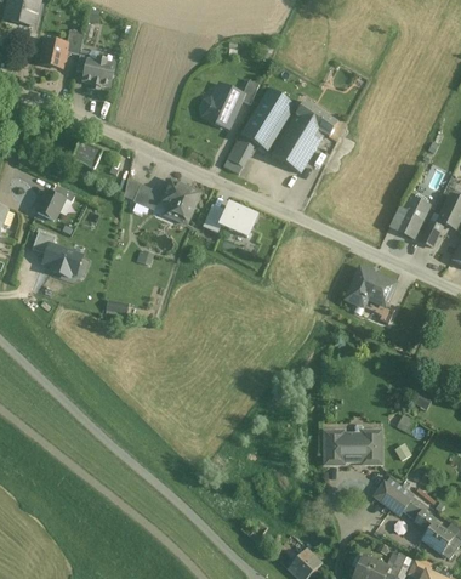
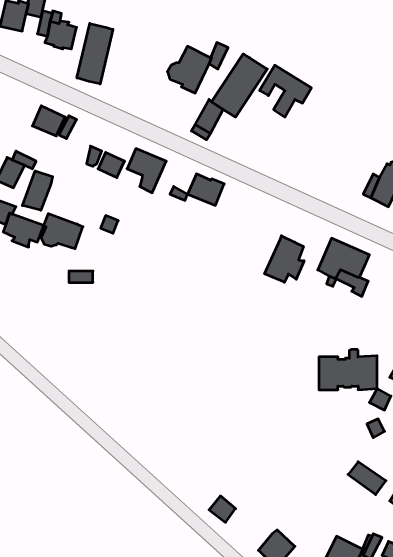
building: none -> [77,23,113,84]
building: [272,119,314,172] -> none
building: none -> [22,171,53,210]
building: none -> [41,214,83,249]
building: none -> [265,236,304,282]
building: [325,424,381,462] -> [319,349,377,390]

